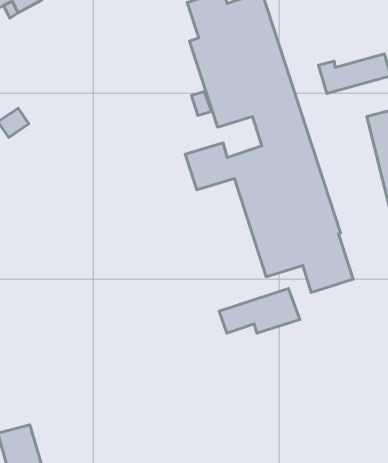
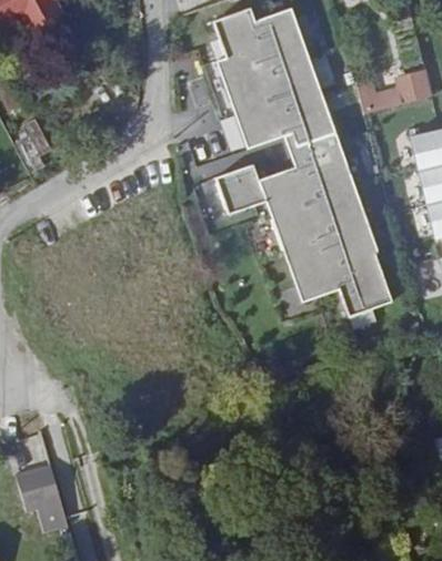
building: [219,289,300,333] -> none

